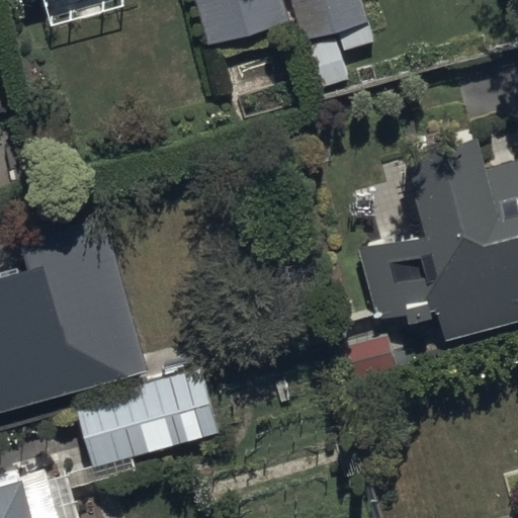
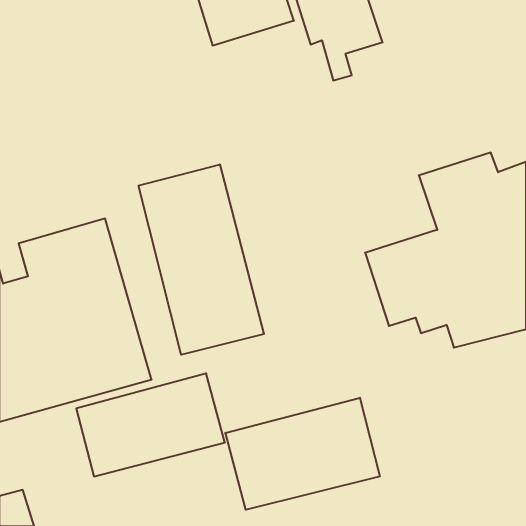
building: none -> [139,164,264,355]
building: none -> [225,398,380,510]

